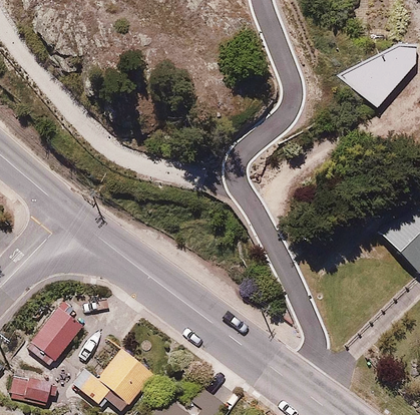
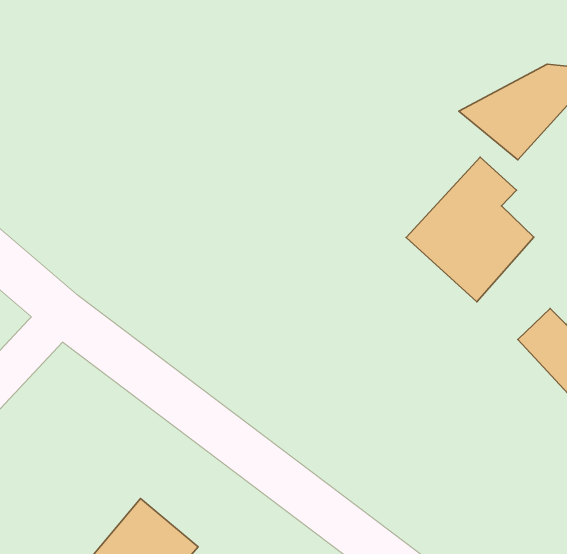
building: none -> [406,157,534,302]
building: [28,302,83,359] -> none

